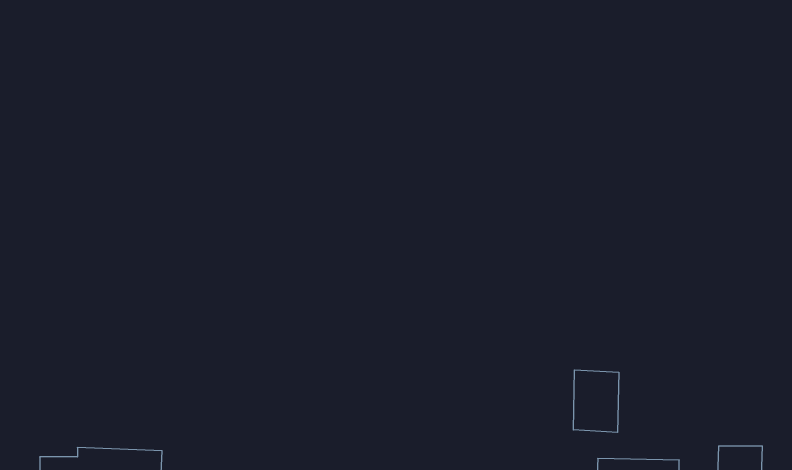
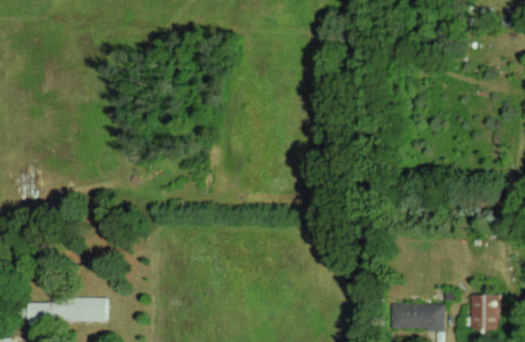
building: [573,370,619,432] -> none

